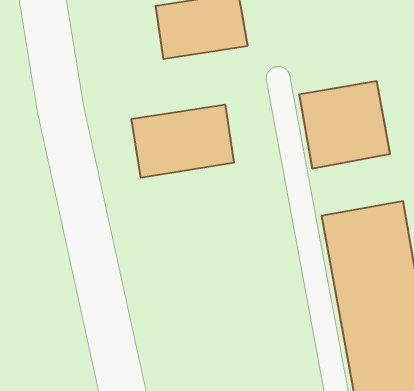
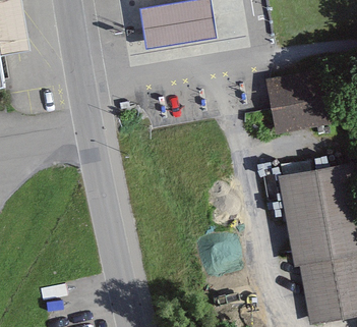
building: [132,105,234,178] -> none

